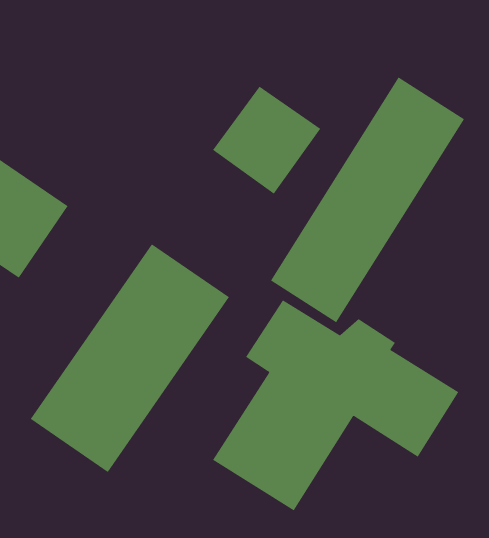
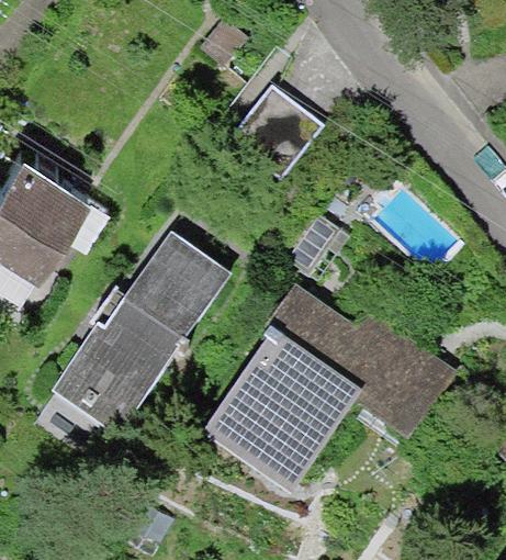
building: [270,77,465,323] -> none

